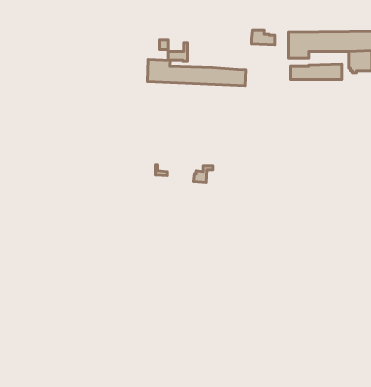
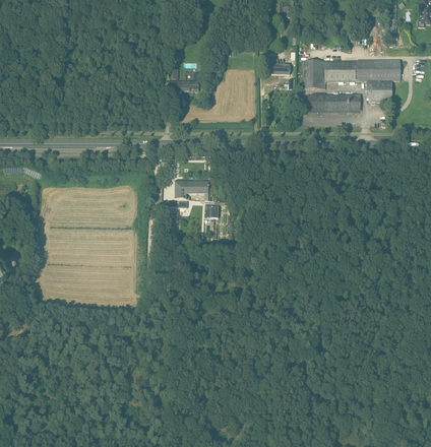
building: [147,60,246,86] -> none
building: none -> [175,180,210,200]

